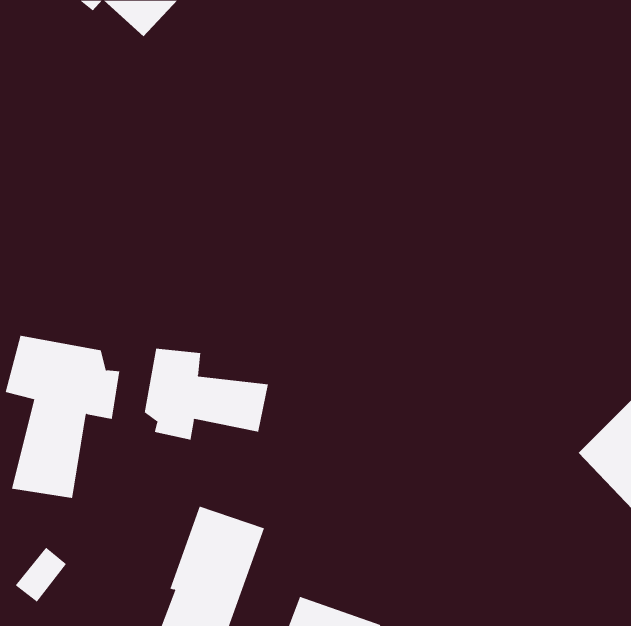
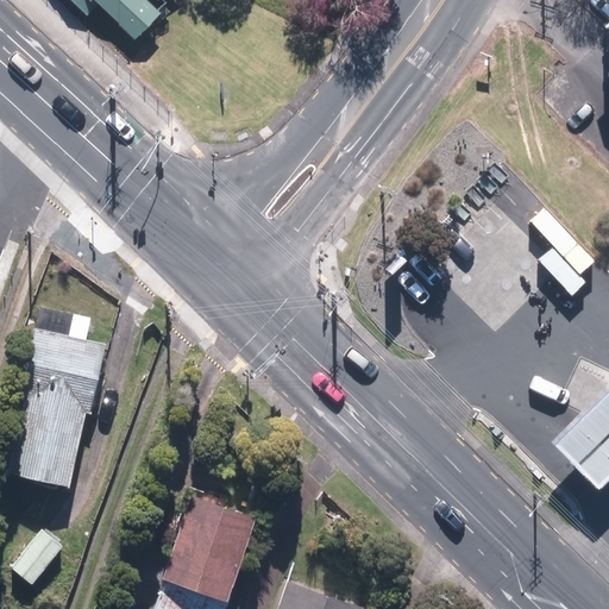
building: [144,348,268,440] -> none

